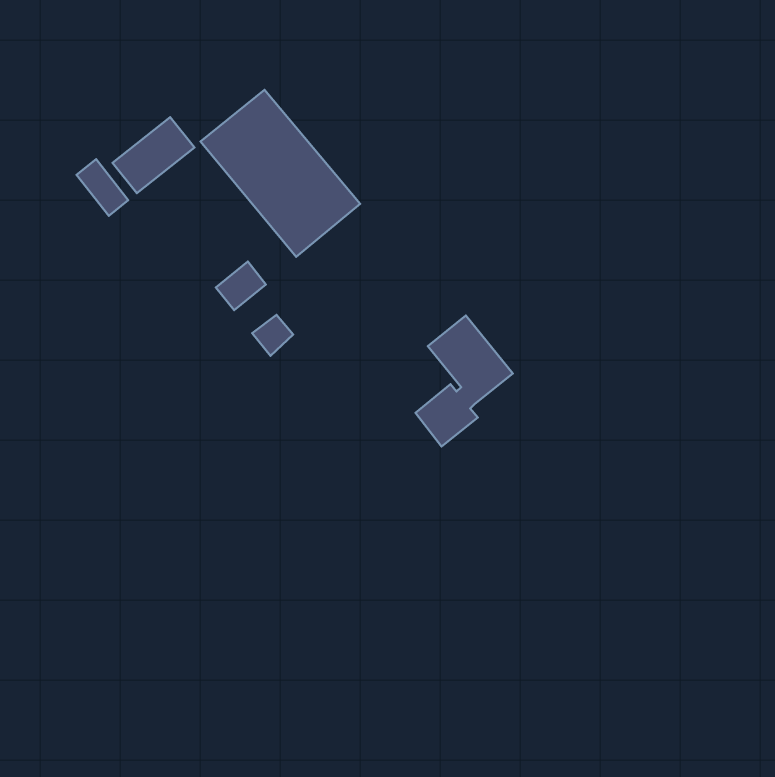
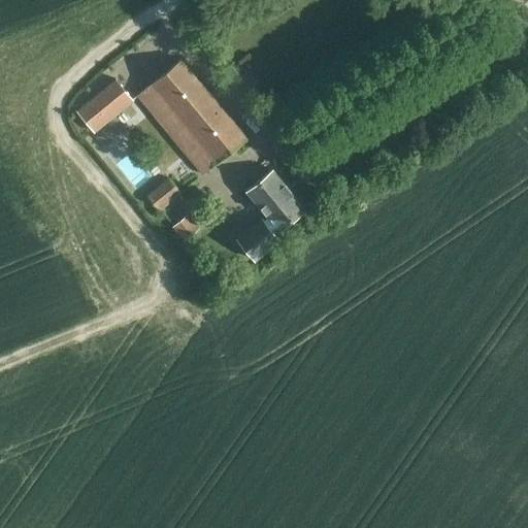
building: [77,159,128,216] -> none
building: [416,316,513,446] -> [238,171,304,260]

